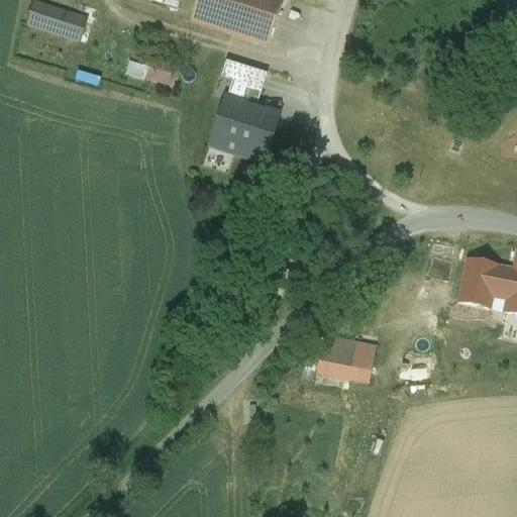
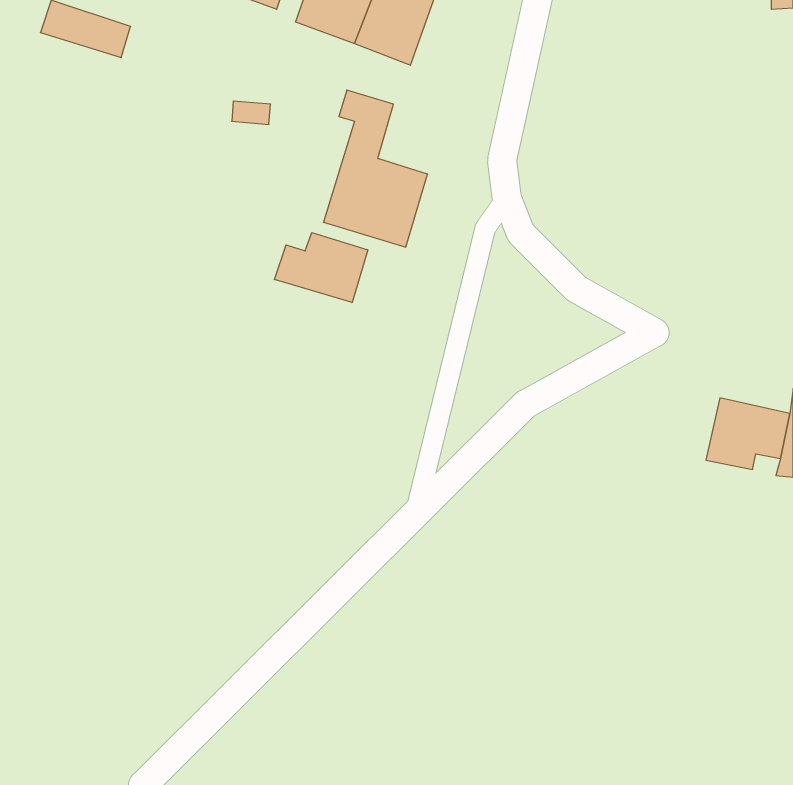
building: none -> [274,233,368,303]
building: [316,334,376,381] -> none

